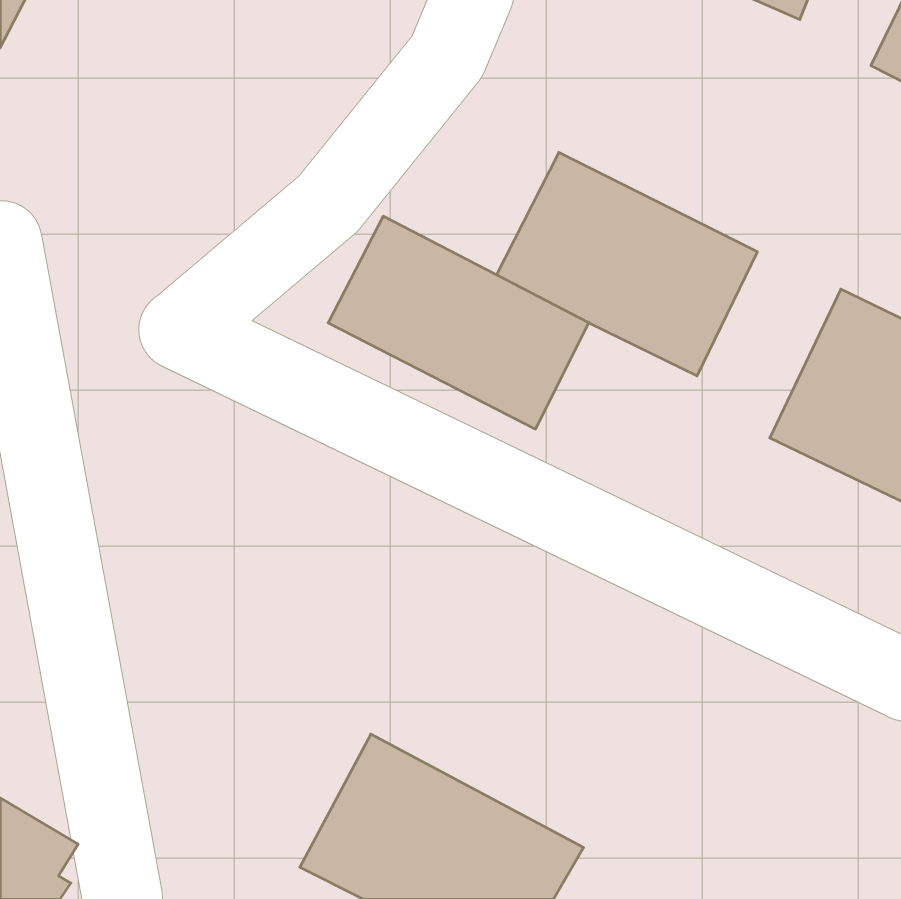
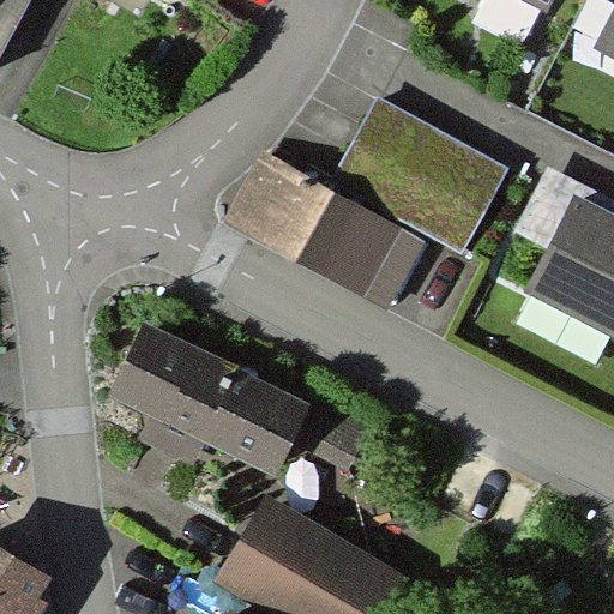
building: none -> [107,329,307,482]

